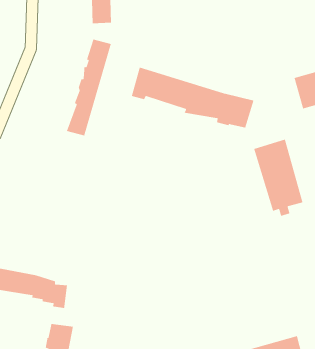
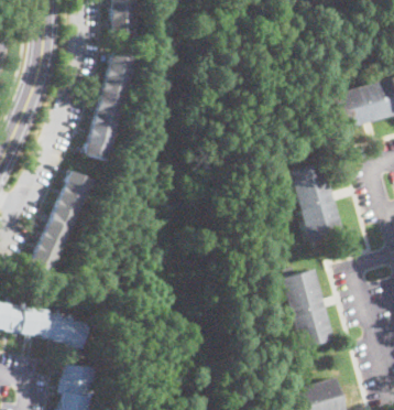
building: [131,67,254,128] -> none
building: none -> [28,170,91,277]
building: none -> [281,268,336,354]

